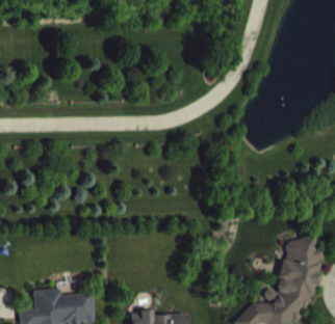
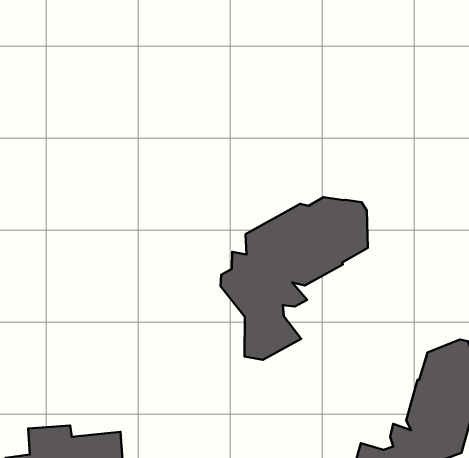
building: none -> [220,197,368,360]

